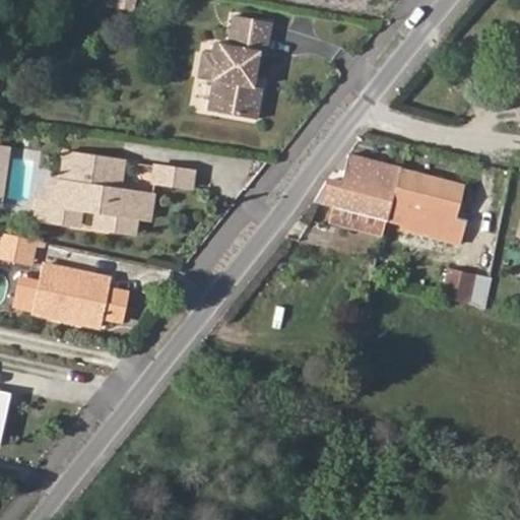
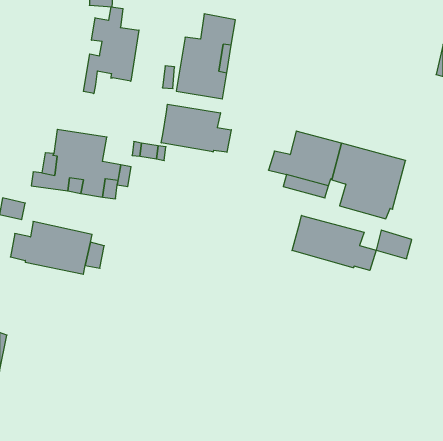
building: none -> [83,7,139,94]
building: none -> [161,104,231,152]
building: none -> [292,215,376,270]

